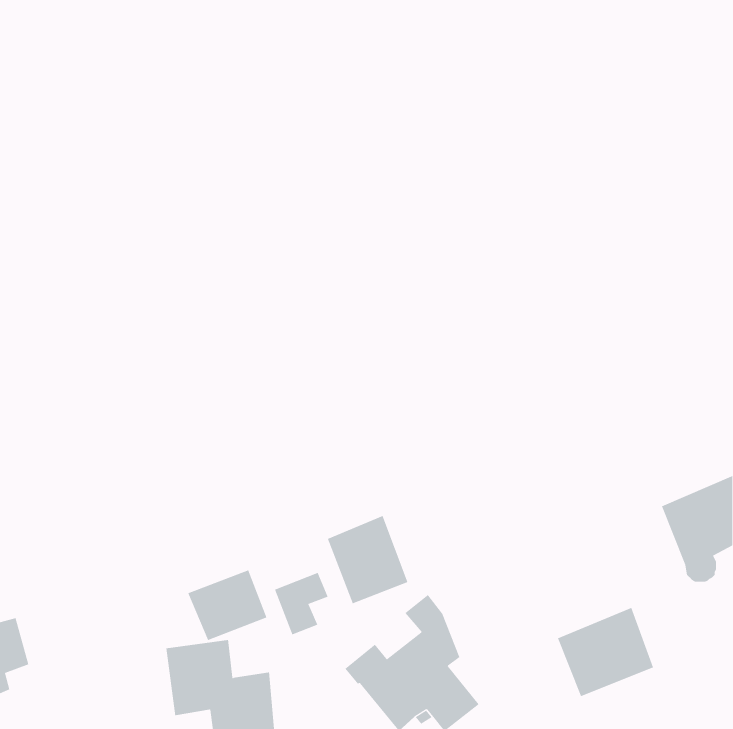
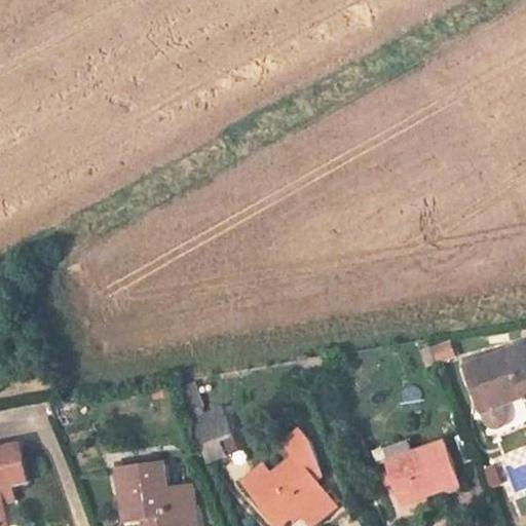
building: [327,515,408,604] -> none
building: [187,570,267,641] -> none

